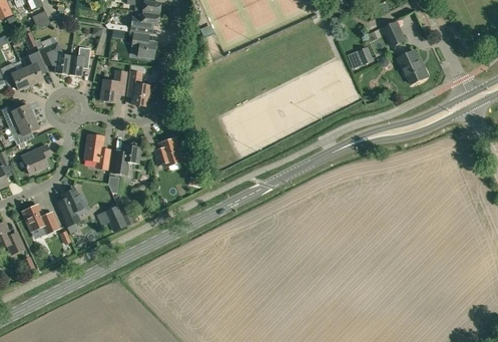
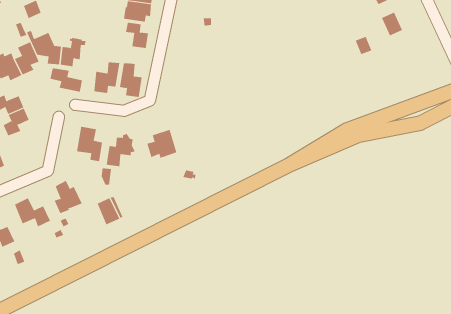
building: [398,50,428,83] -> none
building: none -> [50,67,83,93]
building: [23,143,50,174] -> none

